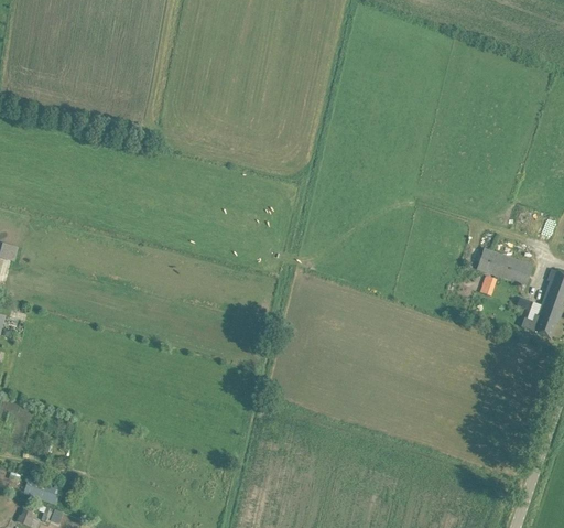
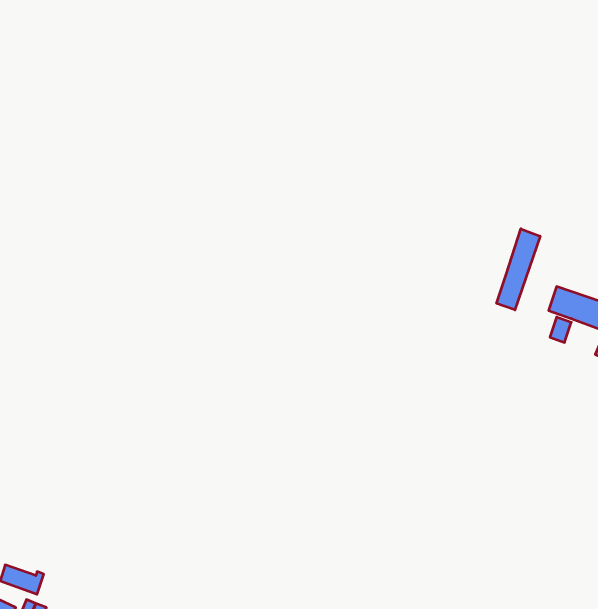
building: none -> [497,229,540,310]

